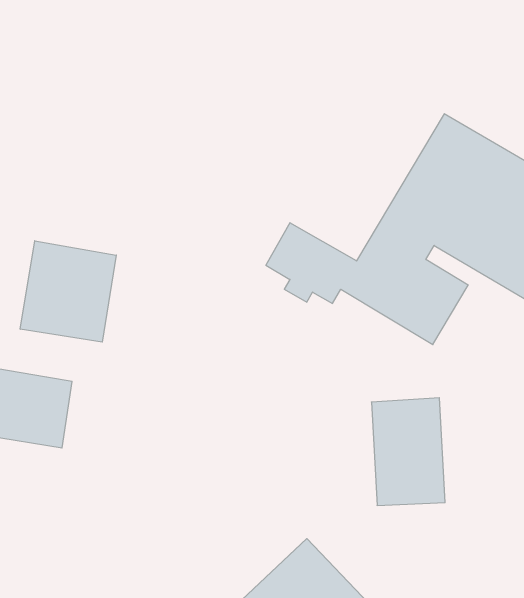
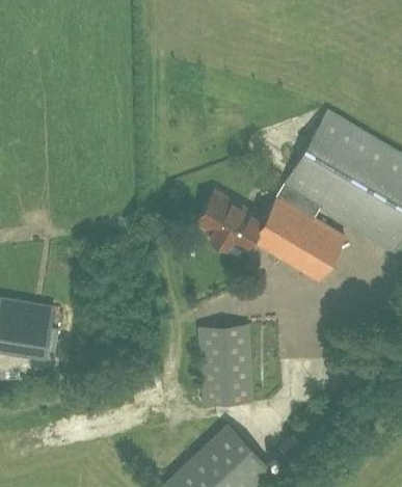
building: [20,241,116,342] -> none
building: [371,398,445,505] -> [200,325,254,404]

